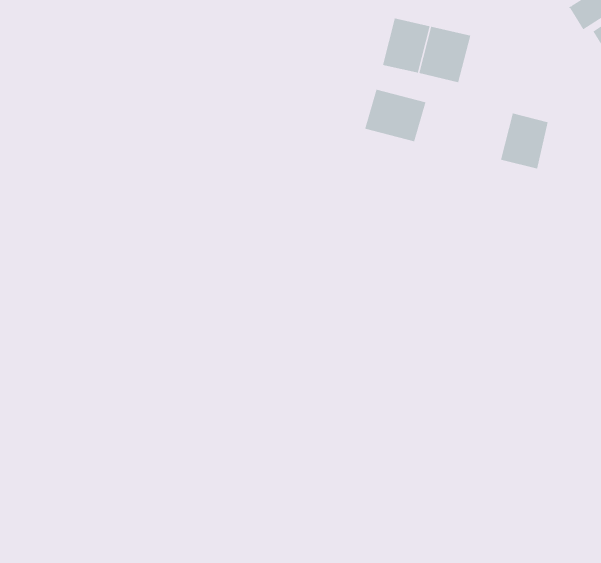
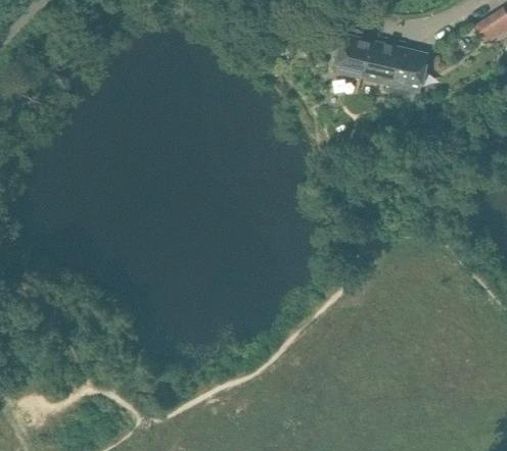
building: [365,89,426,142] -> none
building: [500,113,549,169] -> [391,47,428,90]

